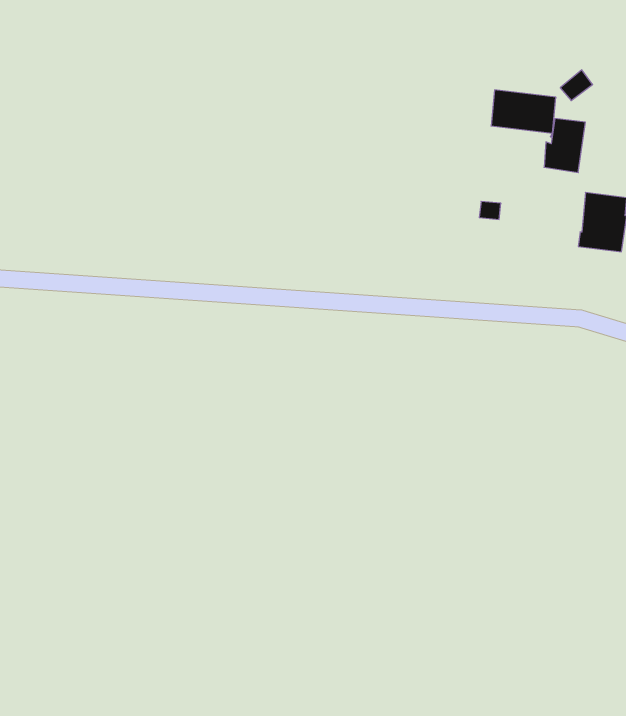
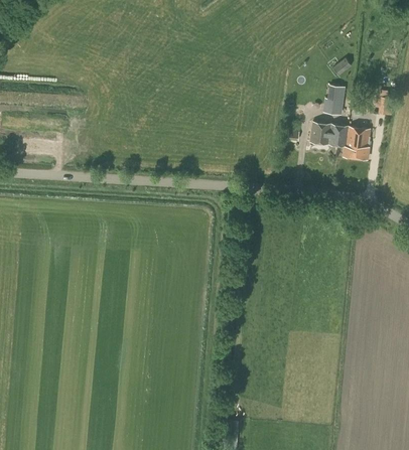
building: [491,90,556,137] -> [309,123,346,149]

